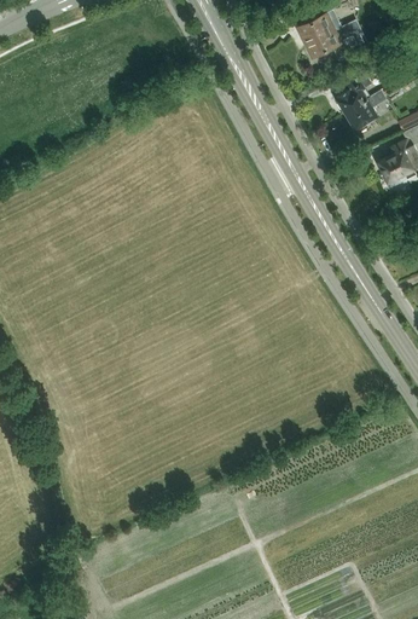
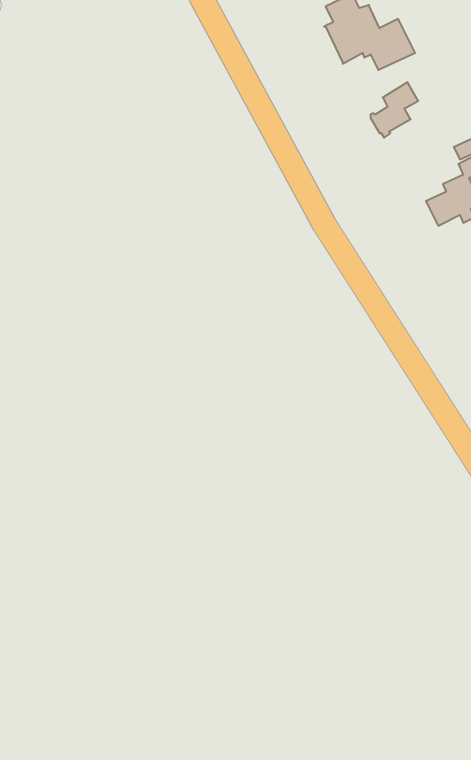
building: [344,91,385,134] -> none

